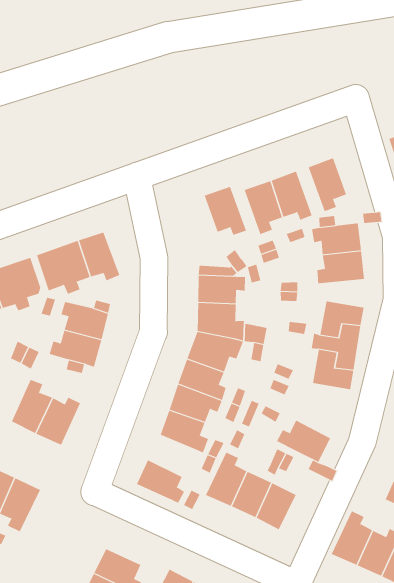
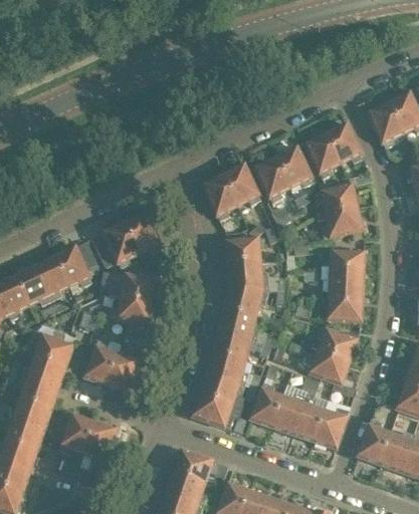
building: none -> [326,123,364,164]
building: none -> [203,176,237,221]
building: none -> [316,327,356,362]
building: none -> [200,374,245,407]
building: none -> [313,410,348,449]
building: none -> [174,451,218,482]

